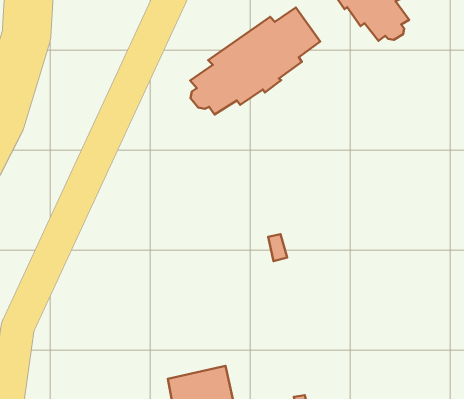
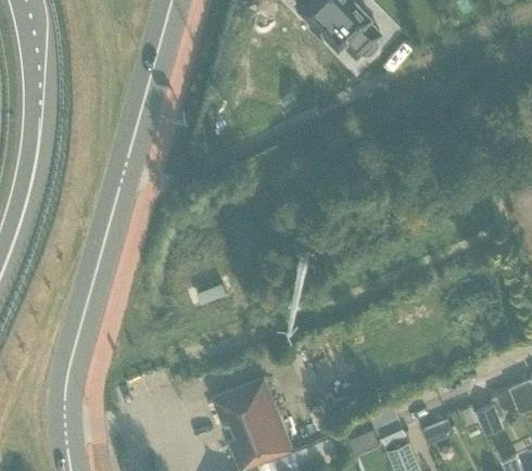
building: [190,7,320,114] -> none

